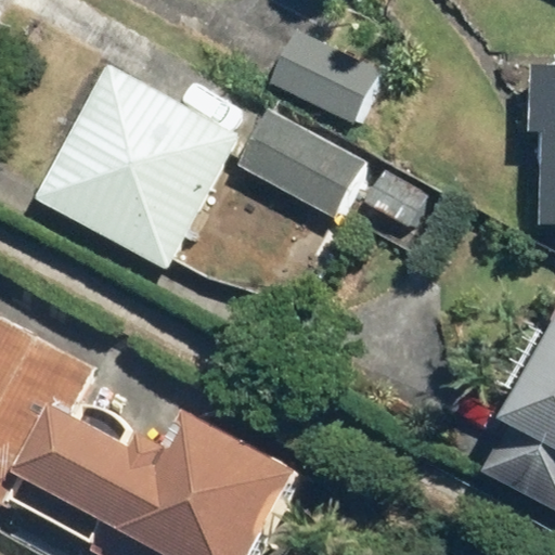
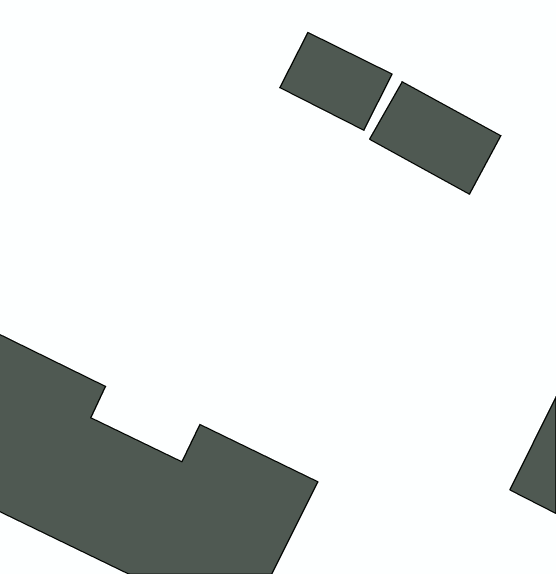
building: [42,65,246,271] -> none
building: [237,111,364,219] -> [370,82,501,194]

